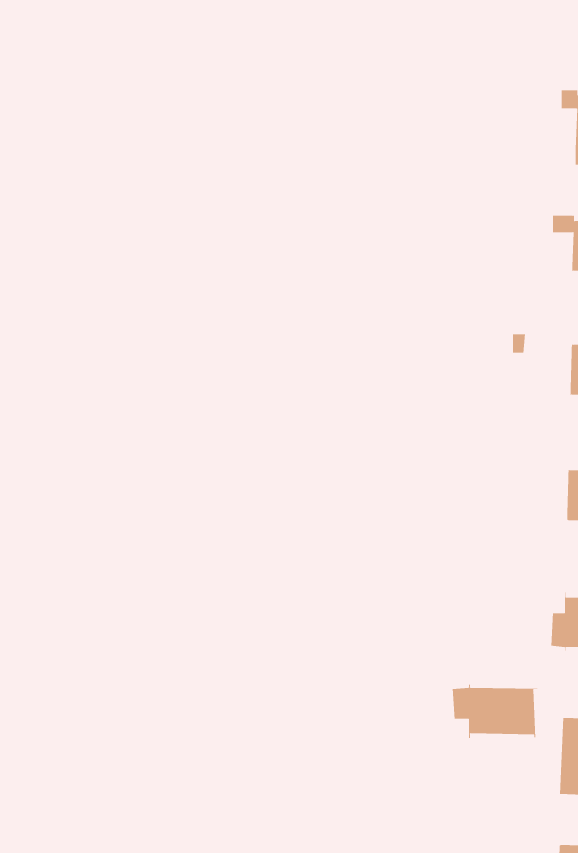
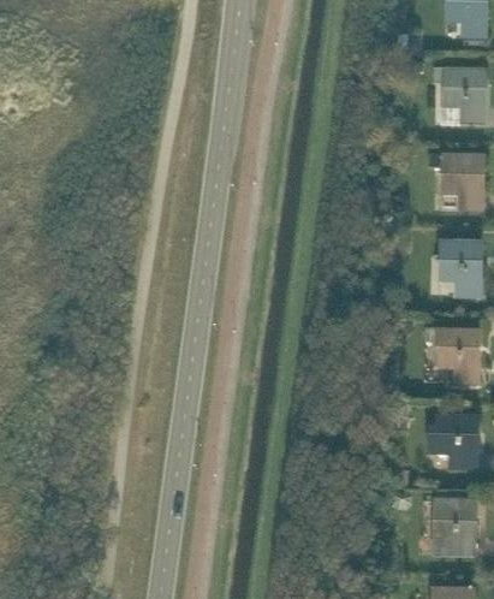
building: [452,684,538,739] -> none

